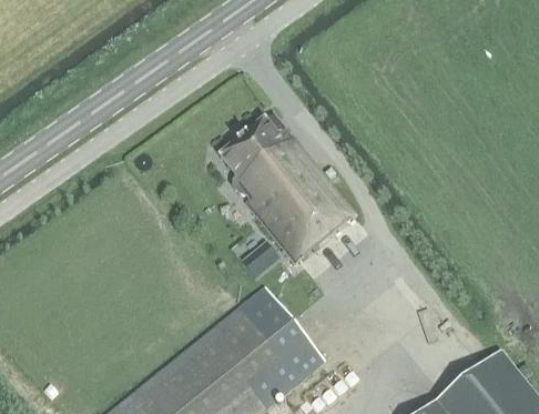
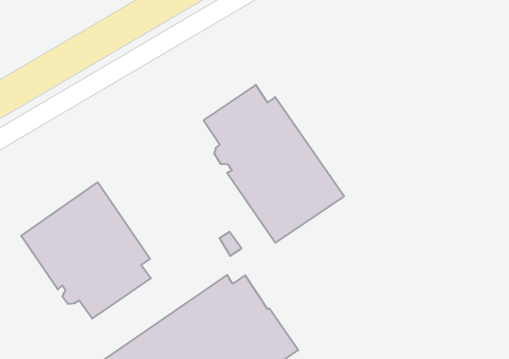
building: none -> [21,182,151,319]

